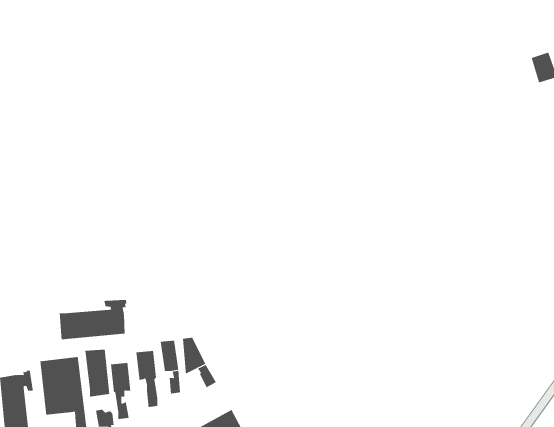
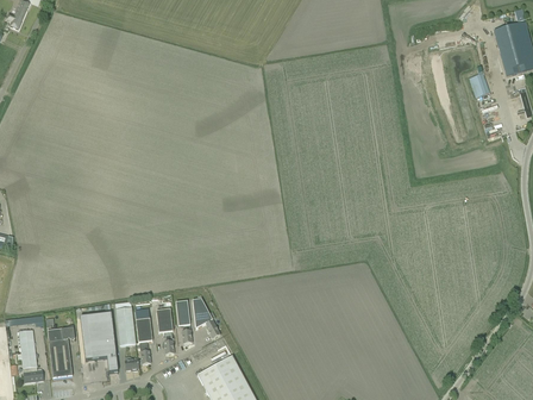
building: [59,299,127,340] -> none

